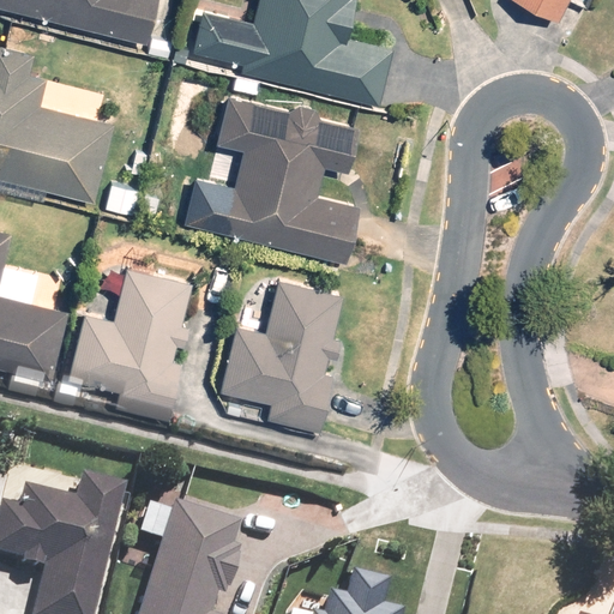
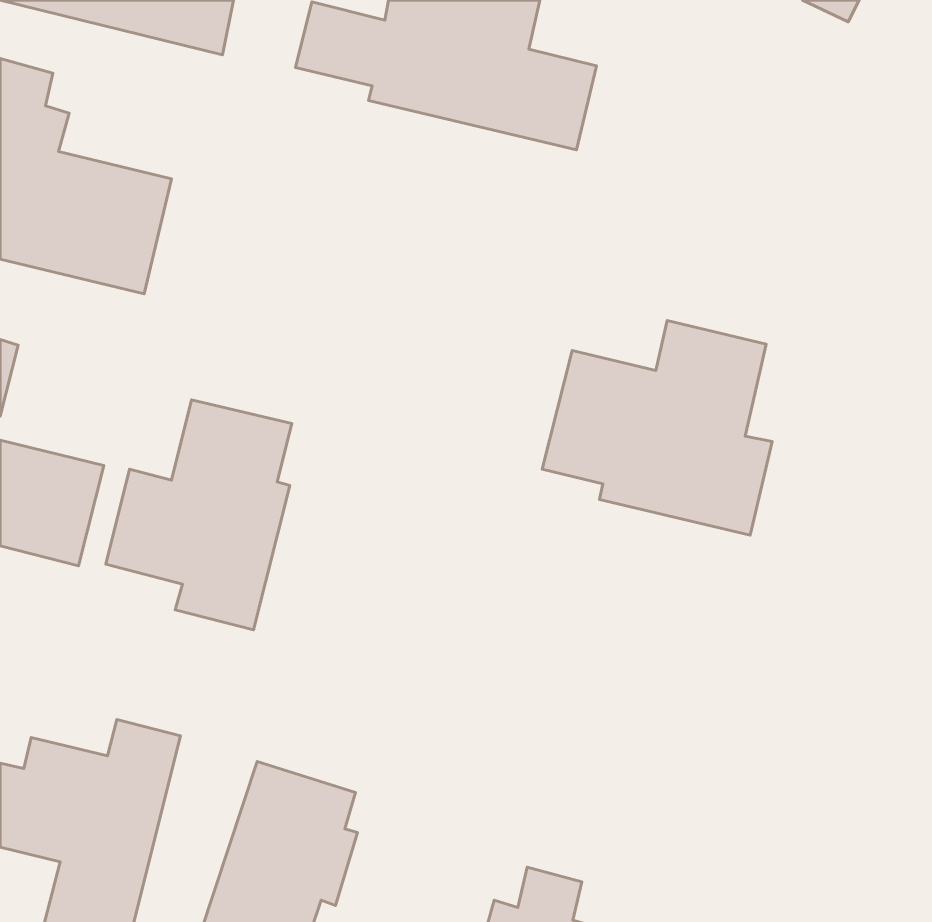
building: [198,95,355,261] -> none
building: none -> [542,320,772,535]
building: [221,279,343,432] -> none

